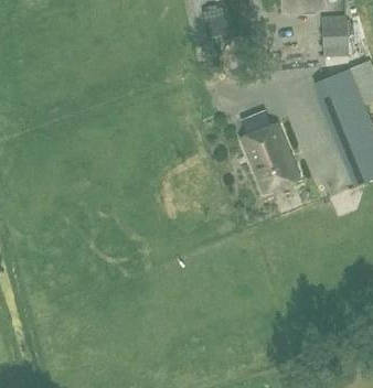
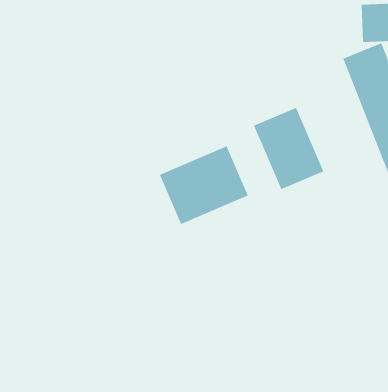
building: none -> [159,146,248,225]

